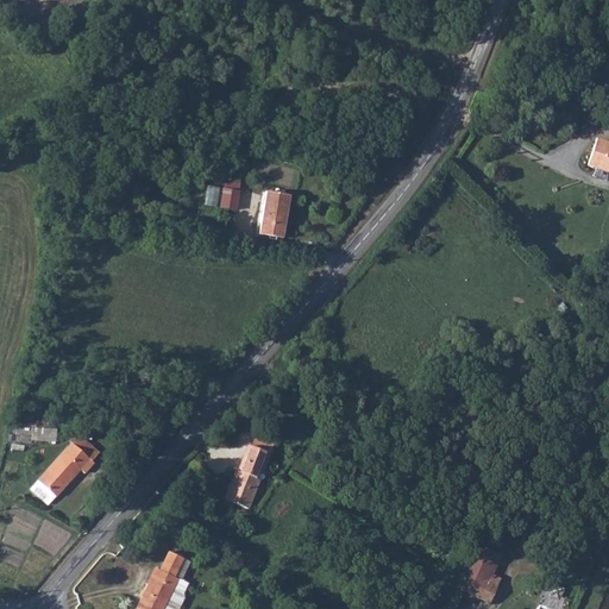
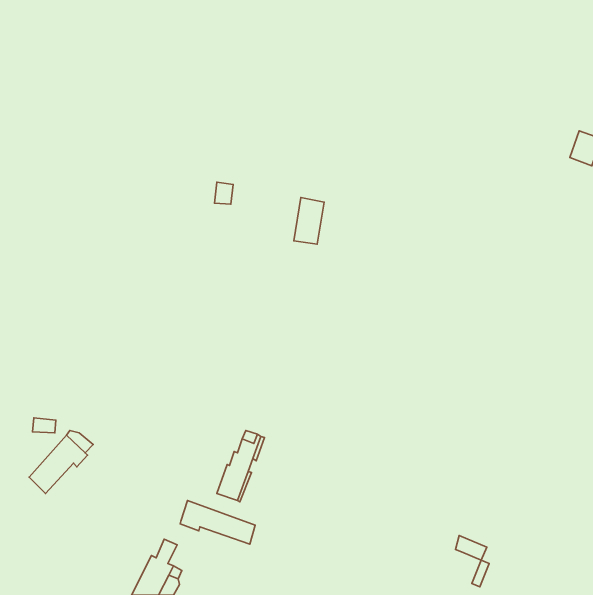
building: [258,189,289,237] -> [294,198,324,244]
building: none -> [180,500,255,544]
building: [464,563,494,595] -> none

